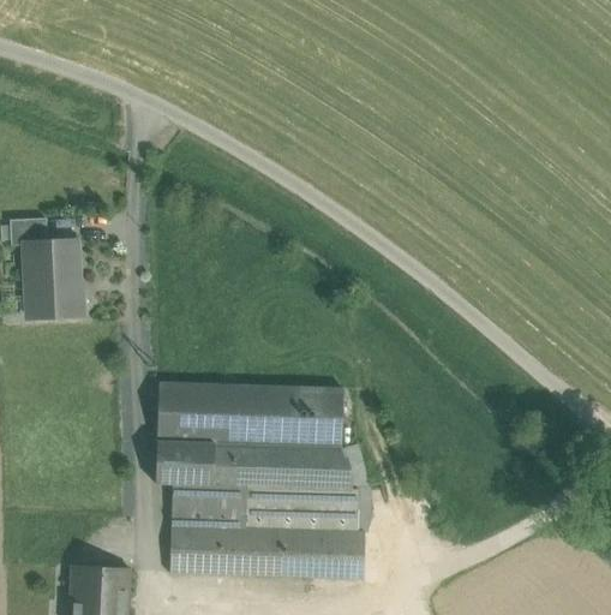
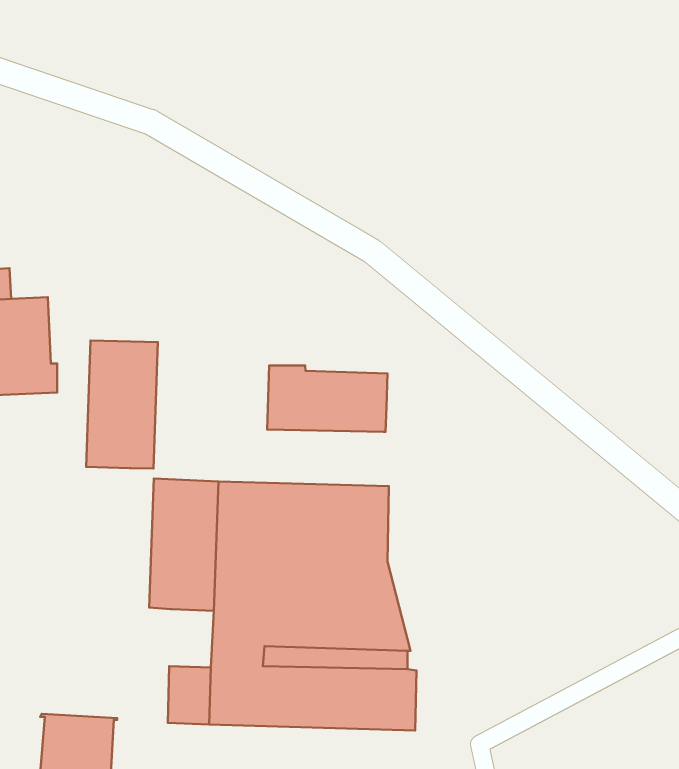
building: none -> [86,340,158,468]
building: none -> [267,365,388,432]
building: [172,484,206,530] -> none

